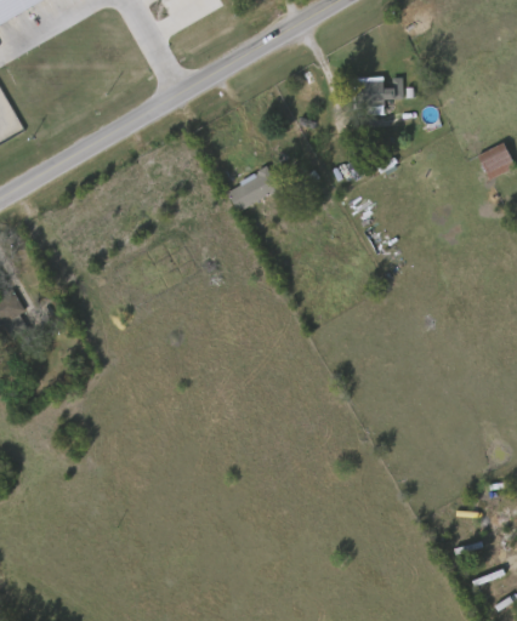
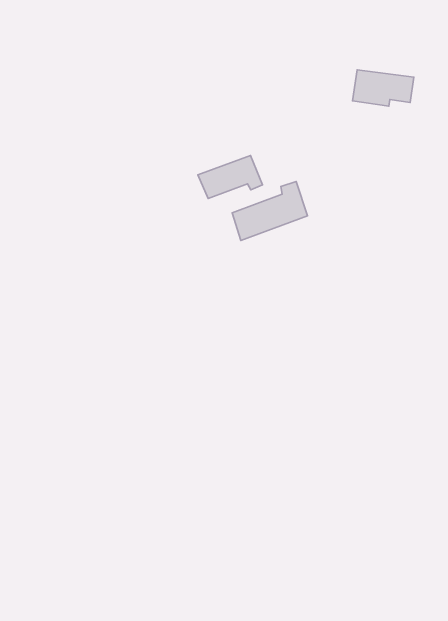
building: none -> [232,182,308,241]

